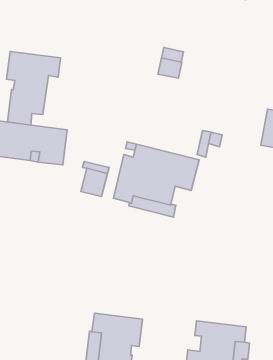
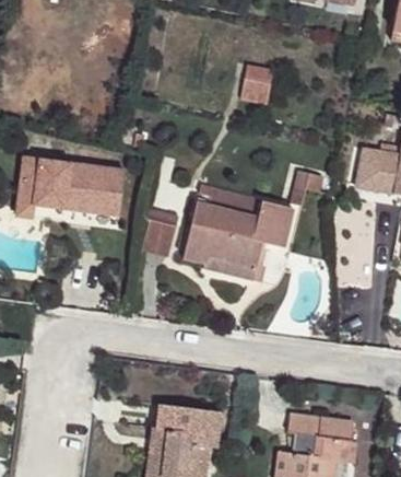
building: [7,51,60,125] -> none

